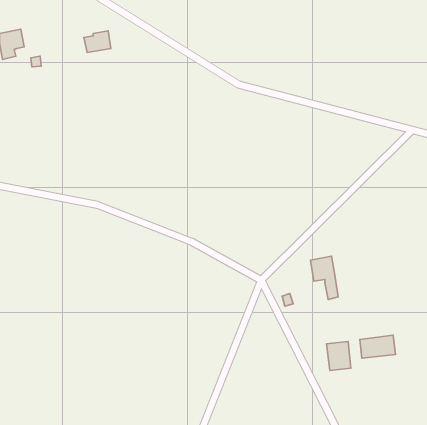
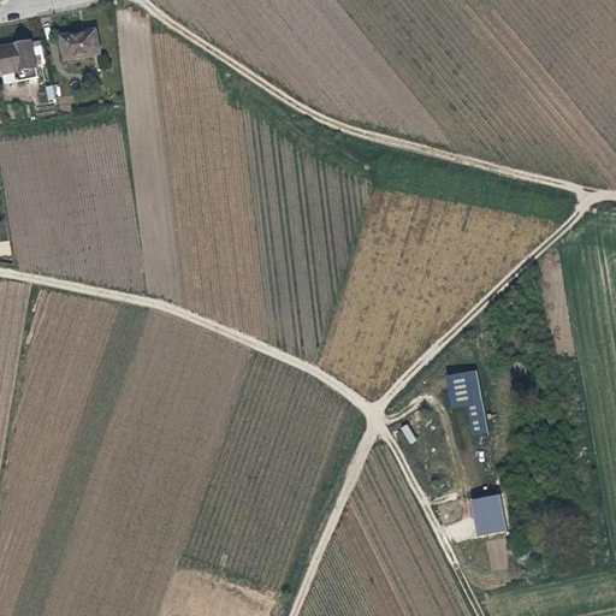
building: [84,31,111,53] -> [59,30,97,61]
building: [360,335,396,358] -> none

